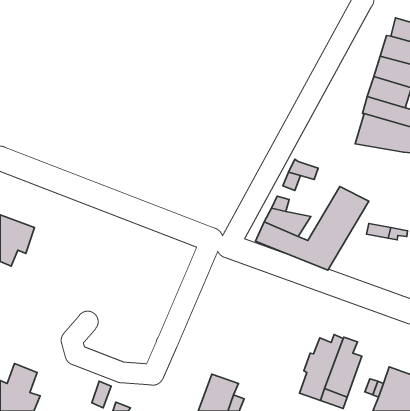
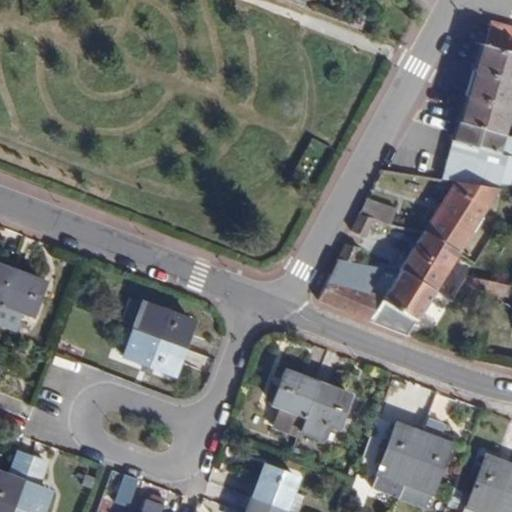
building: none -> [424,181,503,250]
building: none -> [122,299,194,374]
building: none -> [272,371,350,438]

